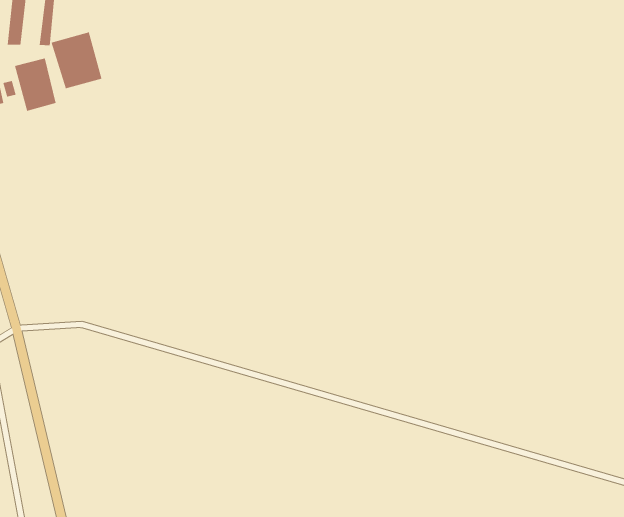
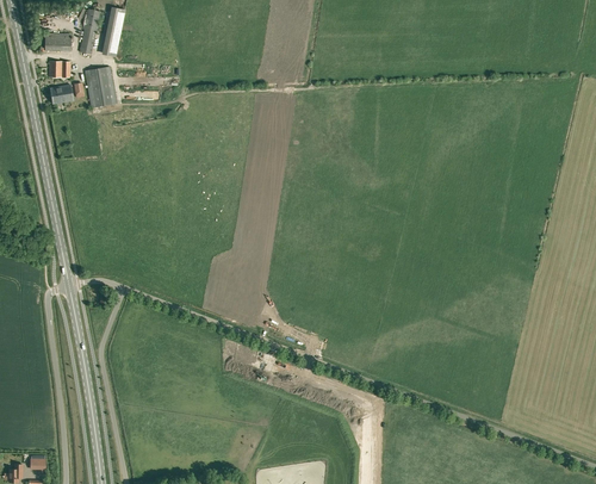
building: [51,31,102,89] -> none

